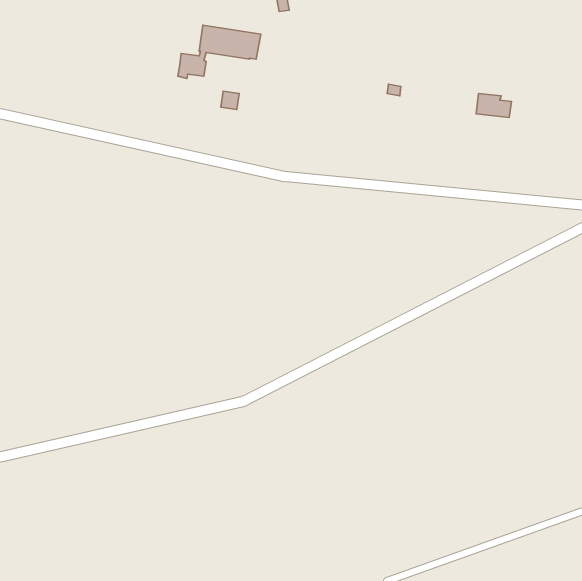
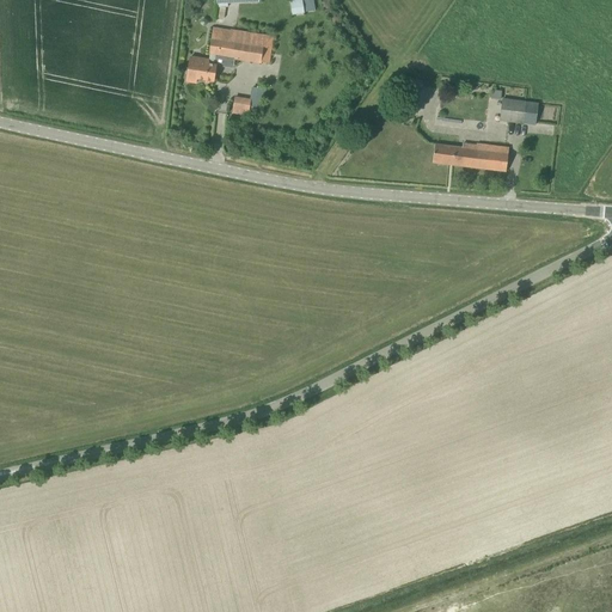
building: none -> [433,141,509,170]

